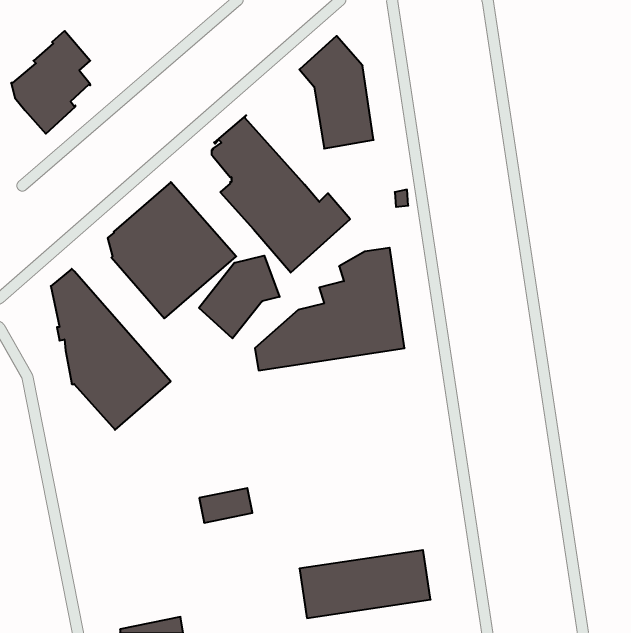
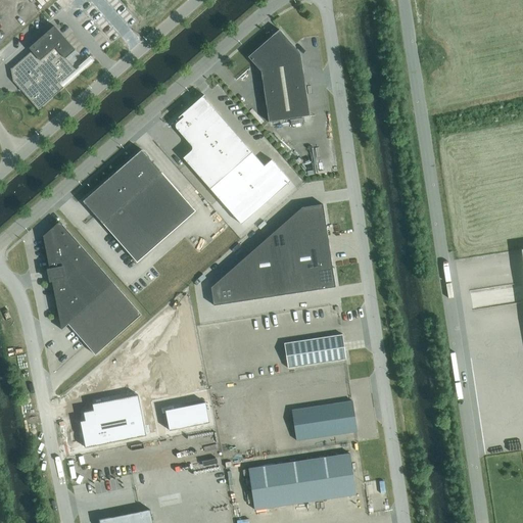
building: [199,256,280,338] -> none
building: none -> [283,334,345,368]
building: none -> [80,395,145,447]
building: none -> [291,400,356,440]

